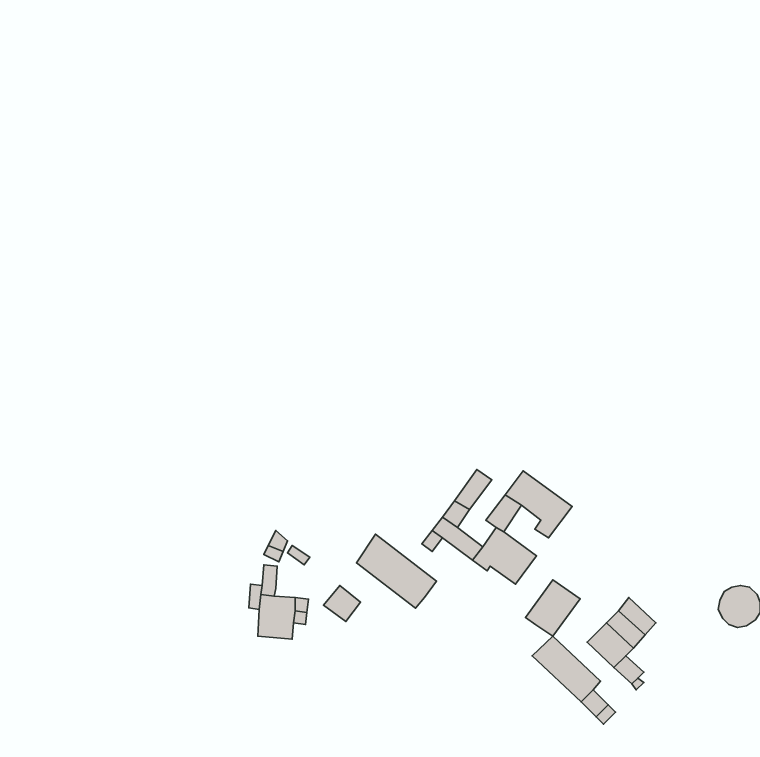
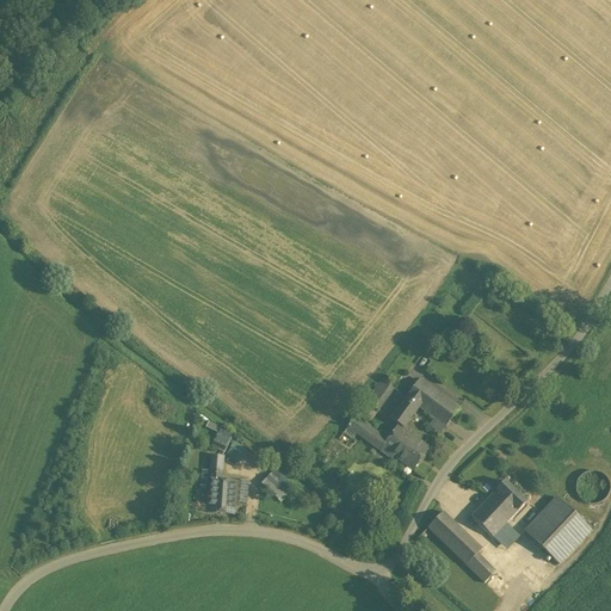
building: [356,534,437,608] -> none
building: [525,580,580,636] -> none
building: none -> [524,495,591,562]

